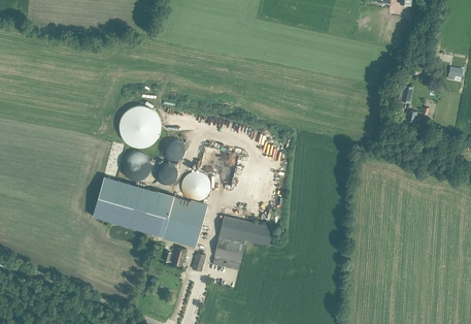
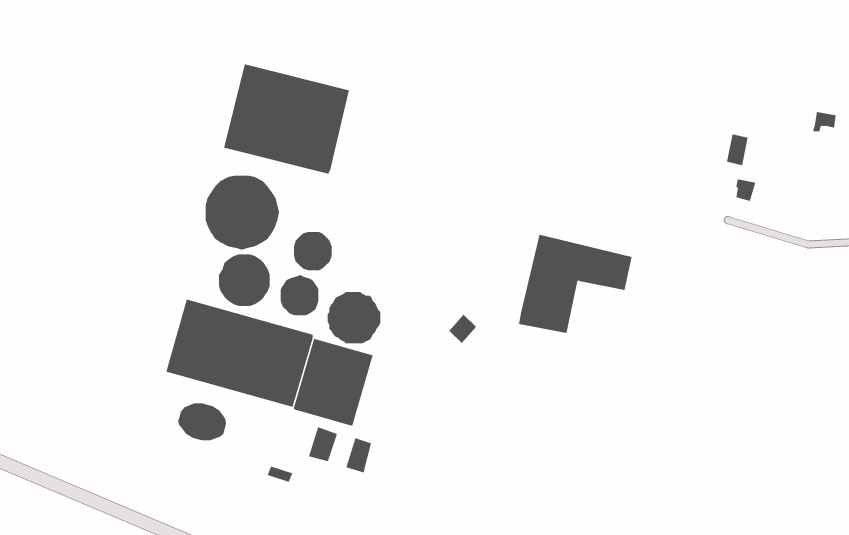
building: none -> [223,64,350,174]
building: [212,215,275,269] -> [518,234,633,334]
building: none -> [178,402,227,441]

